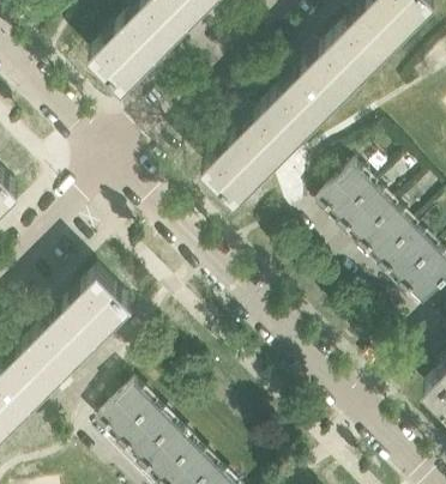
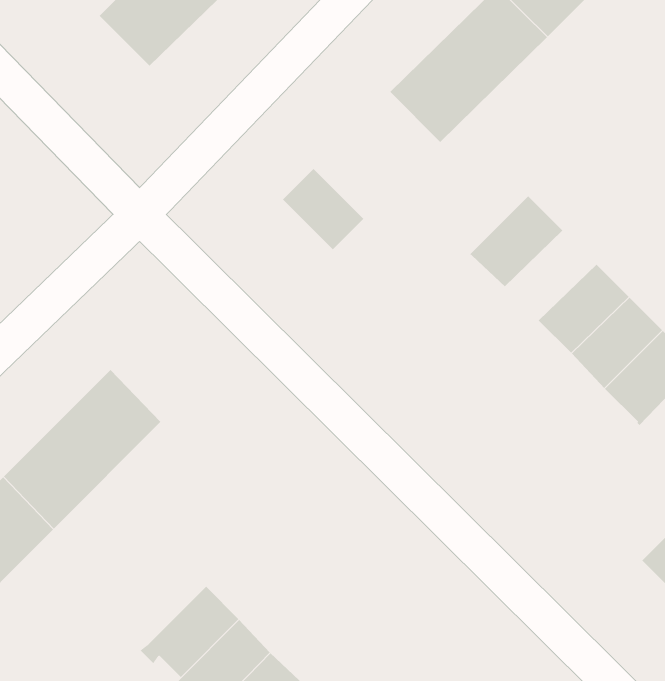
building: [227,102,305,180] -> none
building: [344,187,400,242] -> none
building: [100,383,161,441] -> none

